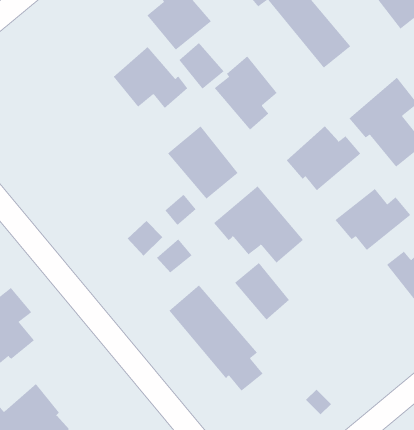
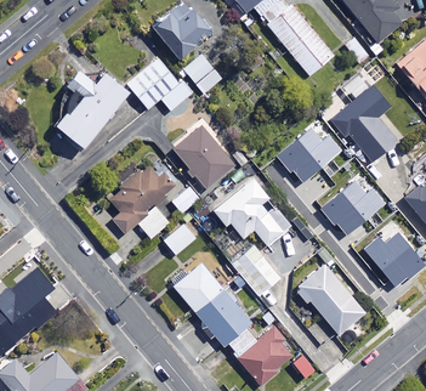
building: [214,56,278,130] -> none
building: none -> [56,72,129,153]
building: none -> [110,165,174,232]
building: none -> [295,262,365,341]
building: none -> [237,325,297,385]

